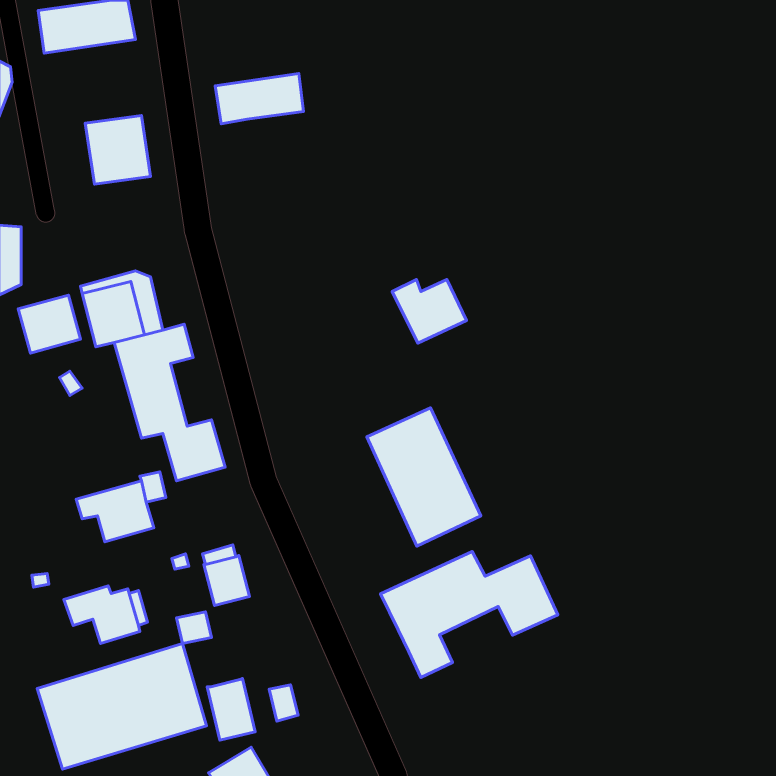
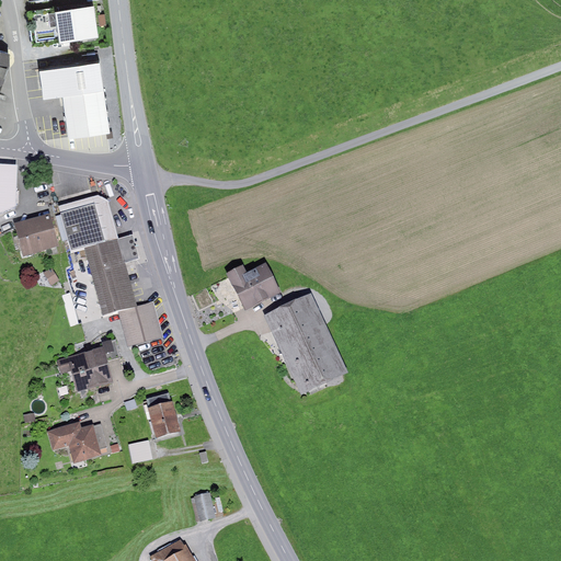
building: [215,74,303,124] -> [38,57,102,93]
building: [392,279,467,343] -> [226,264,279,310]
building: [380,552,558,678] -> none
building: [37,644,206,769] -> none
building: [207,678,255,740] -> none

